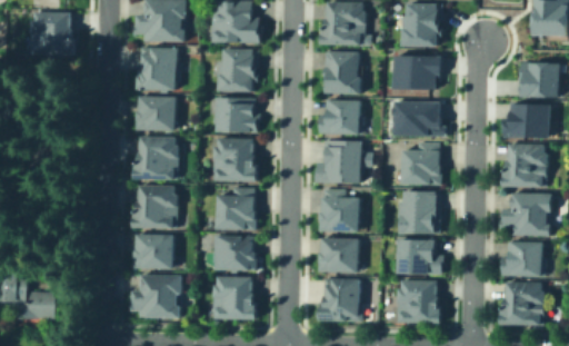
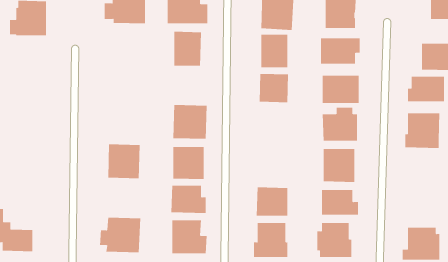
building: [140,47,179,88] -> none
building: [139,95,179,128] -> none
building: [216,96,261,130] -> none
building: [141,136,181,179] -> none
building: [318,140,366,181] -> none
building: [320,187,363,230] -> none
building: [500,197,548,237] -> none
building: [137,231,177,268] -> none
building: [497,244,543,278] -> none

